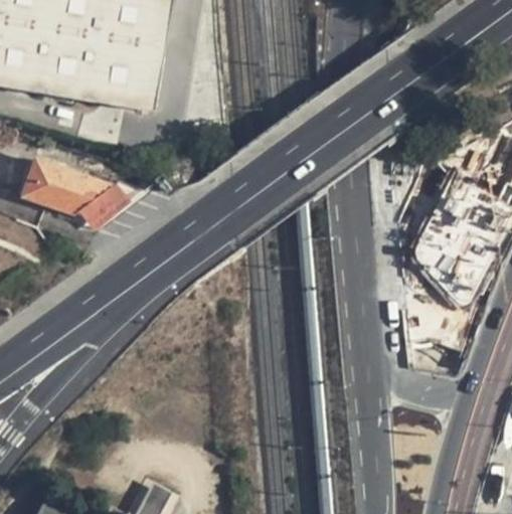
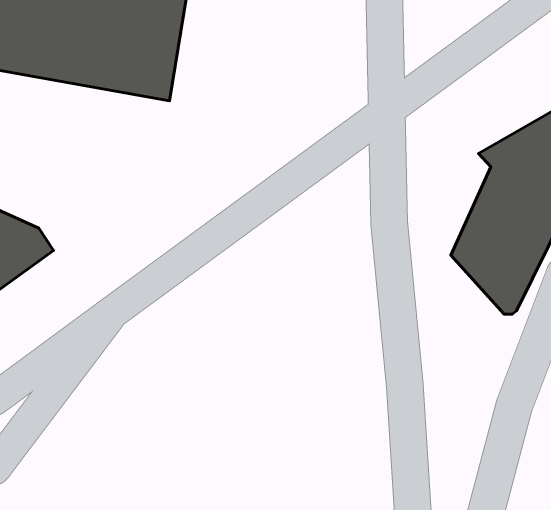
building: [22,160,142,232] -> none

